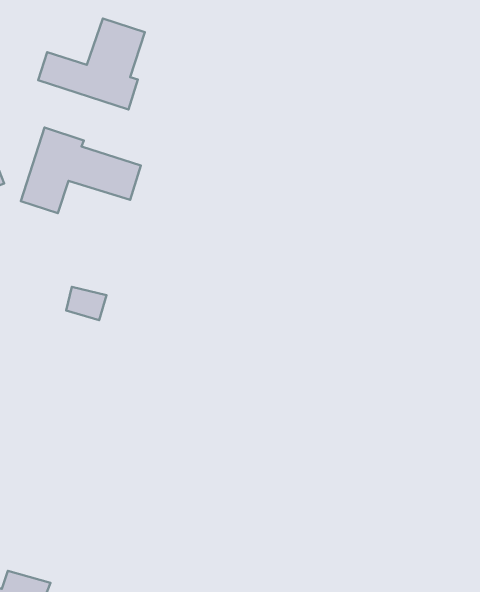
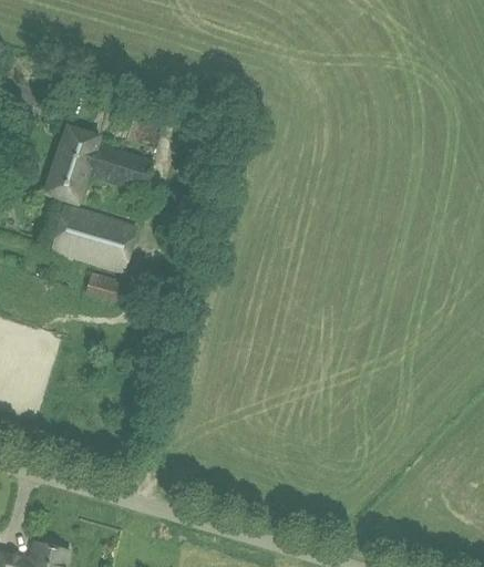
building: [38,18,145,109] -> none
building: none -> [51,206,136,271]

